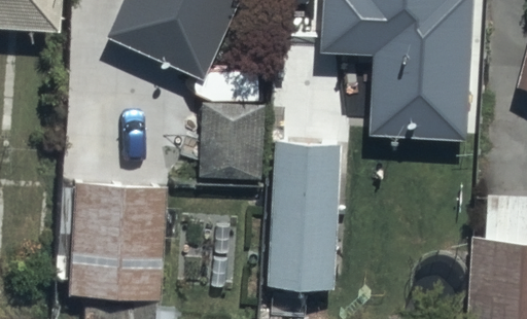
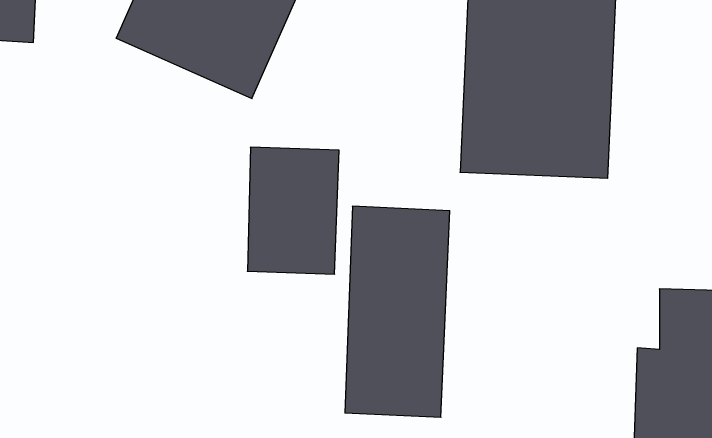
building: [70,188,159,300] -> none

